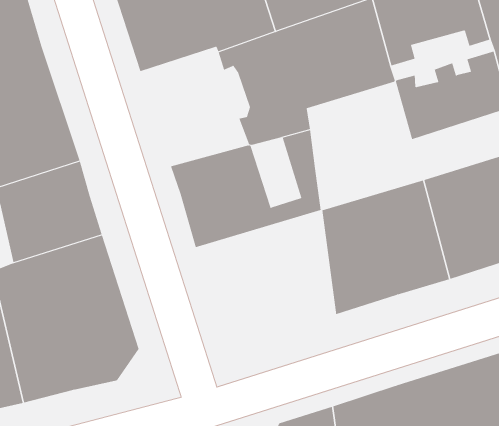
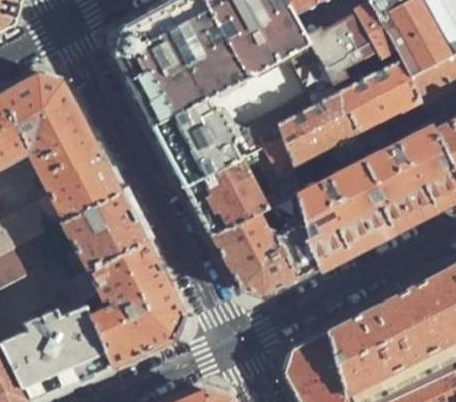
building: none -> [151,97,235,185]
building: none -> [271,99,346,169]
building: none -> [210,197,315,295]

